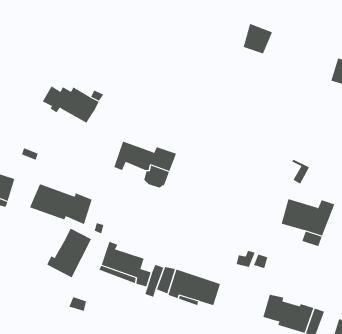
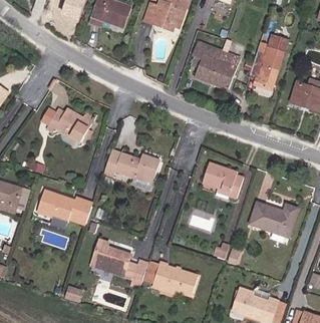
building: none -> [252,36,288,87]
building: none -> [192,39,235,90]
building: none -> [204,168,243,199]
building: [47,228,92,278] -> none

